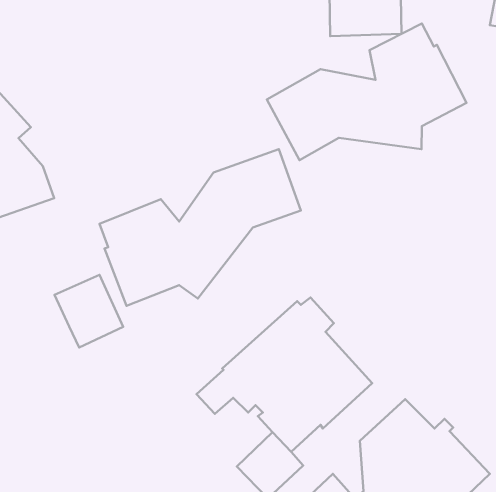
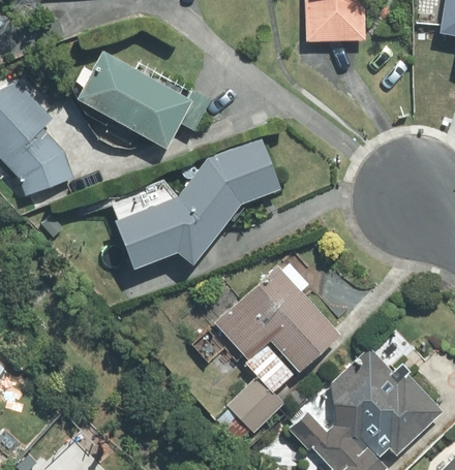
building: [267,23,467,160] -> none
building: none -> [79,52,210,145]
building: [54,275,123,348] -> none

